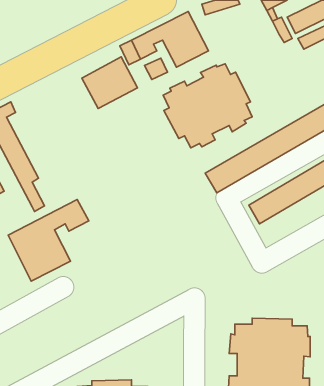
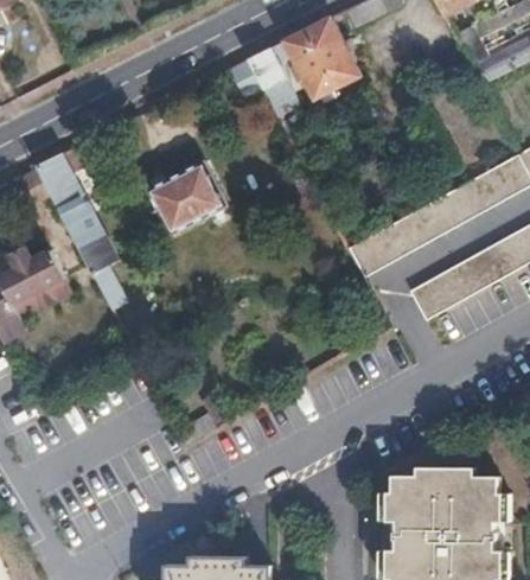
building: [82,57,138,108] -> [142,164,223,238]
building: [163,64,252,148] -> none
building: [8,200,89,281] -> none

